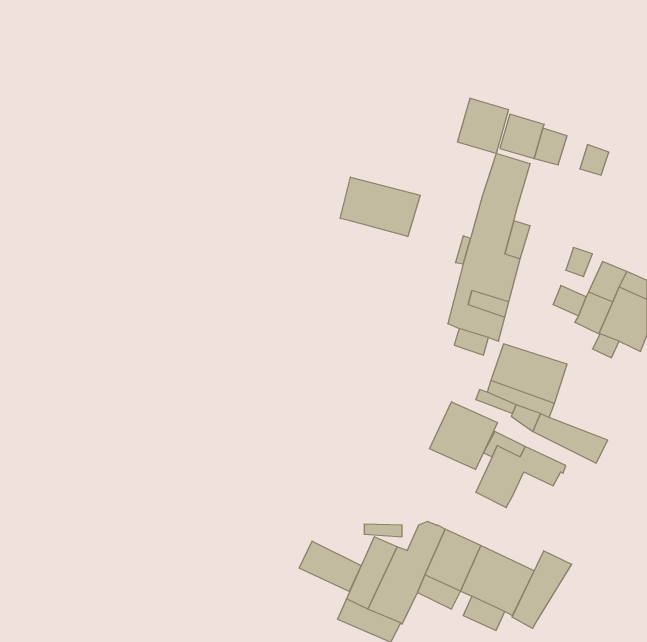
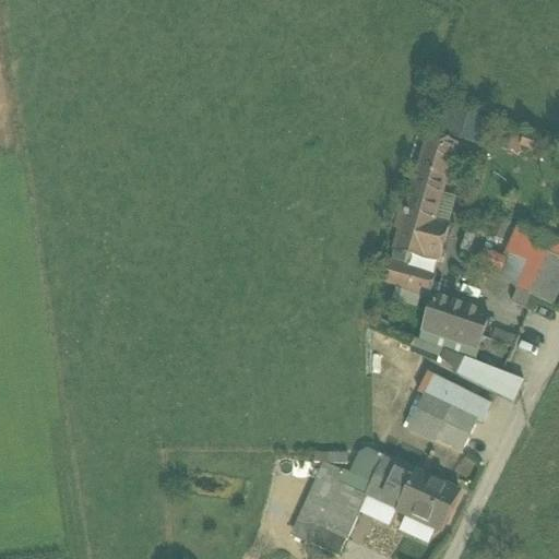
building: [458,98,509,154] -> none
building: [340,177,420,237] -> none
building: [430,402,498,470] -> none
building: none -> [436,406,477,450]
building: [299,541,361,592] -> none
building: [512,551,572,628] -> none

